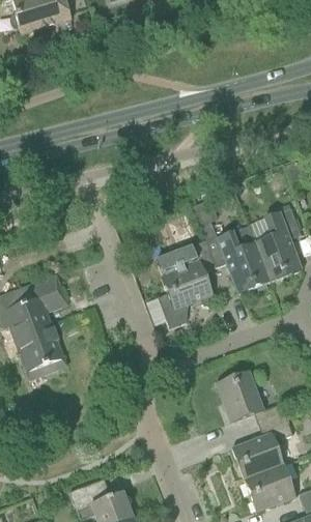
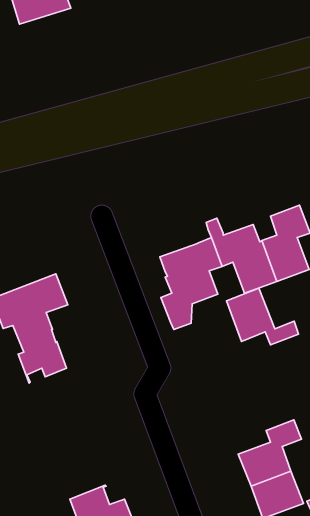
building: [217,371,286,426] -> [227,288,298,345]

